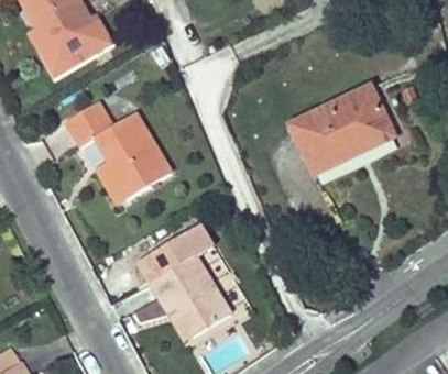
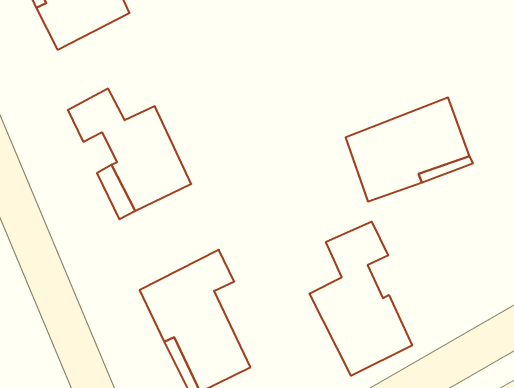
building: none -> [309,222,412,376]

